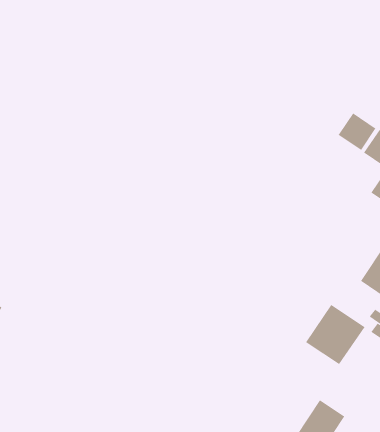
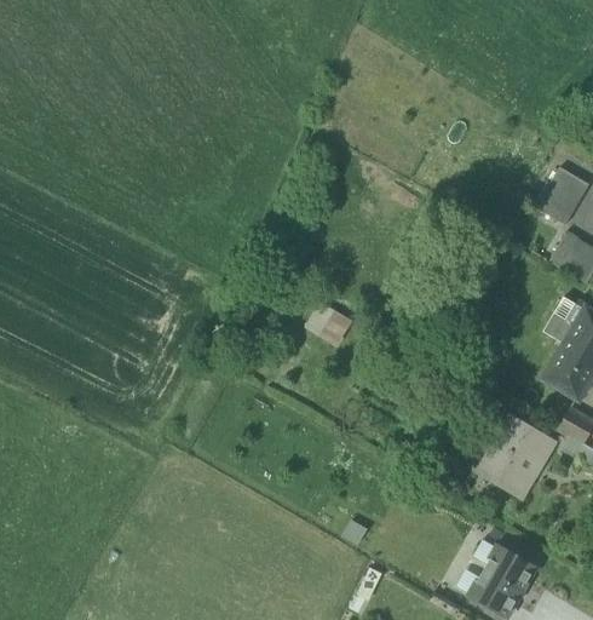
building: [338,113,376,151] -> none
building: none -> [305,299,355,344]

